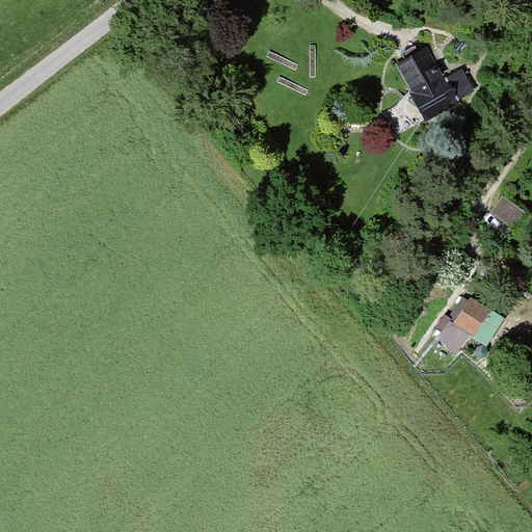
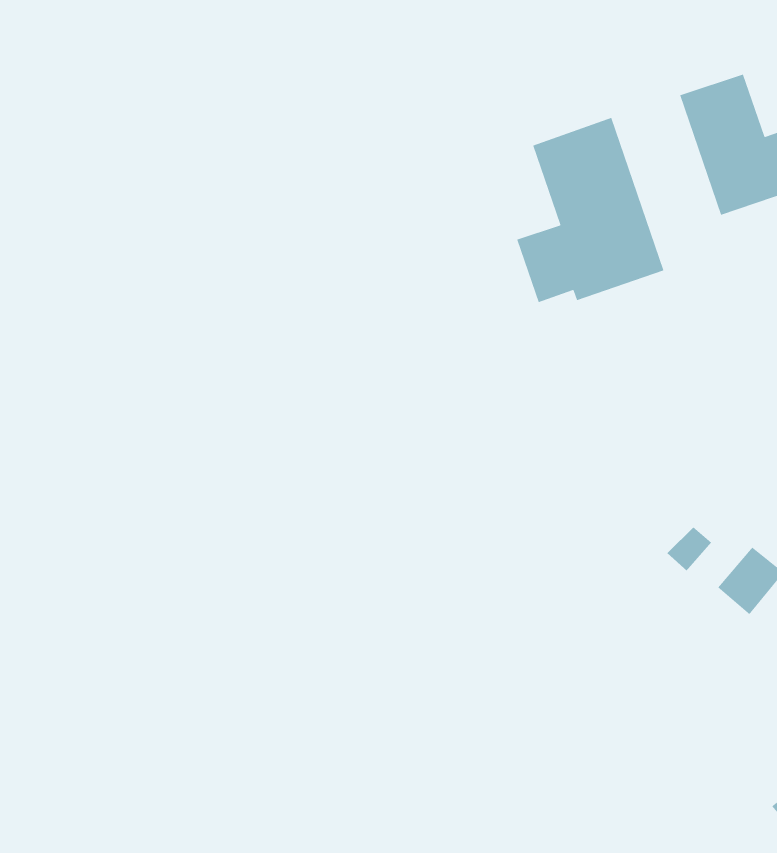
building: none -> [516,117,664,303]

